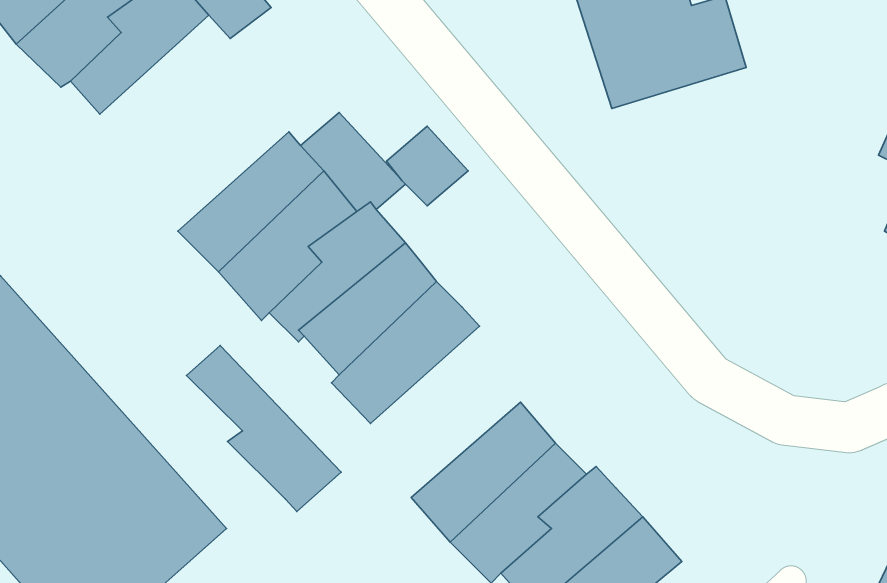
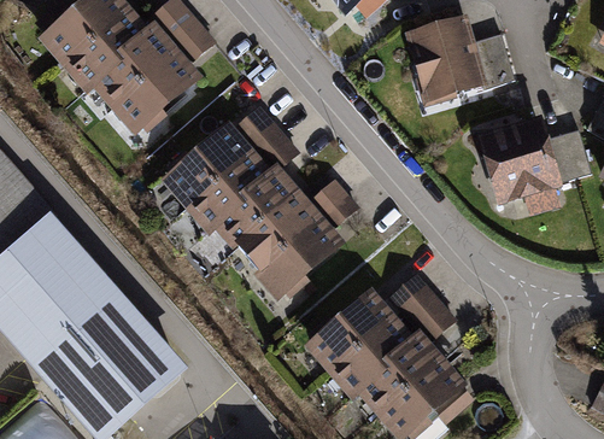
building: none -> [110,47,204,135]
building: [386,126,468,206] -> [309,178,359,228]
building: none -> [477,117,591,218]
building: [187,346,341,512] -> none
building: none -> [387,271,456,340]

